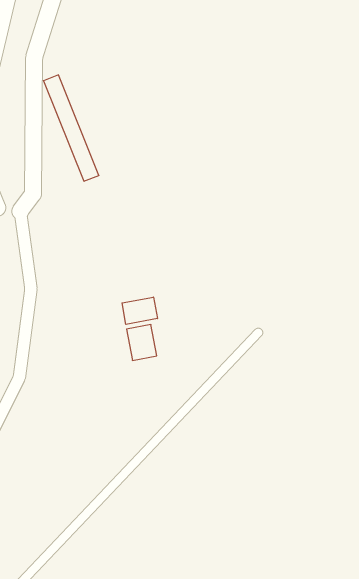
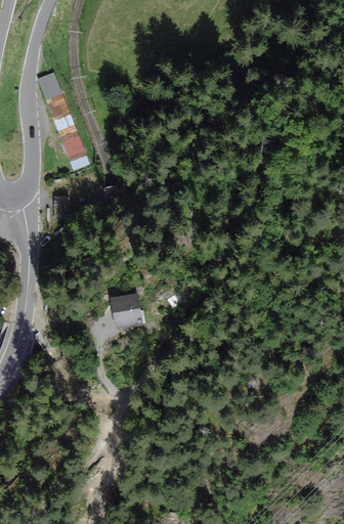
building: [122,297,157,324] -> none

